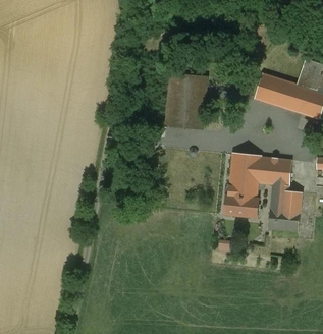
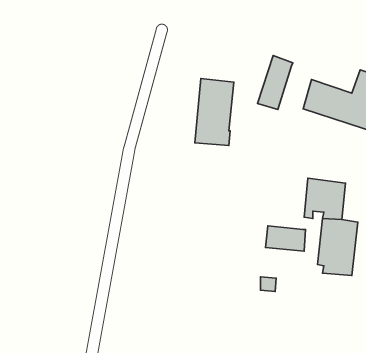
building: none -> [258,55,293,110]
building: [224,154,259,199] -> none

